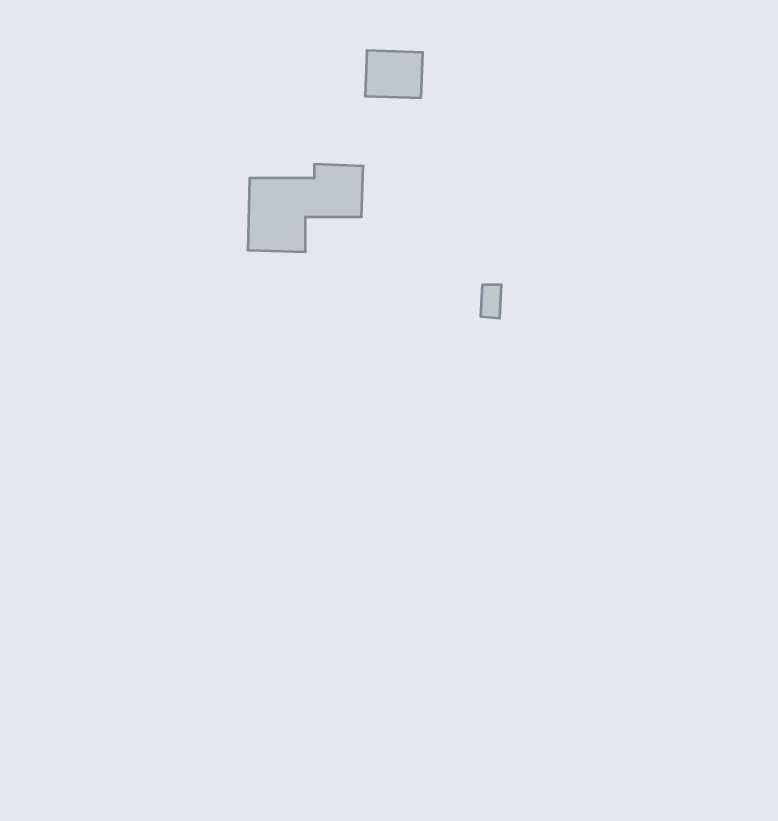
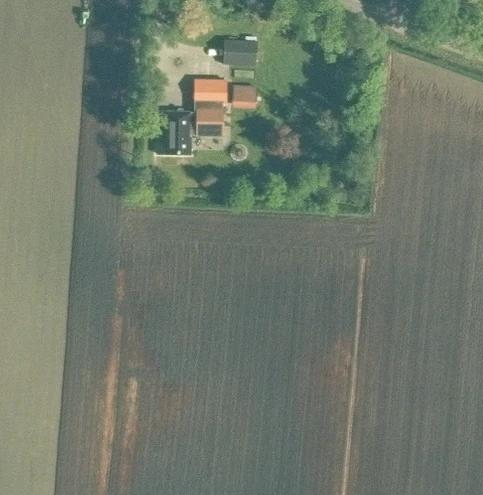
building: none -> [195,80,226,105]
building: none -> [231,88,258,108]

